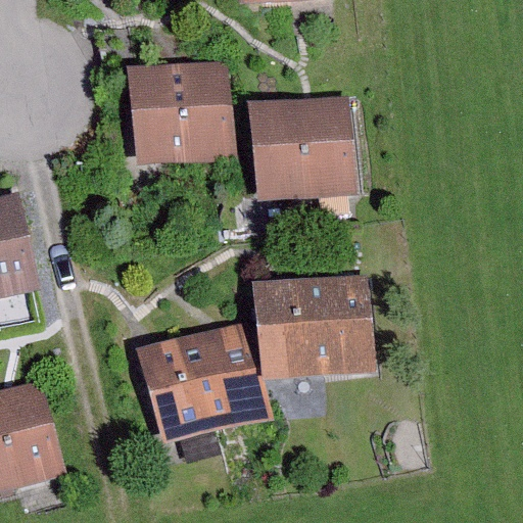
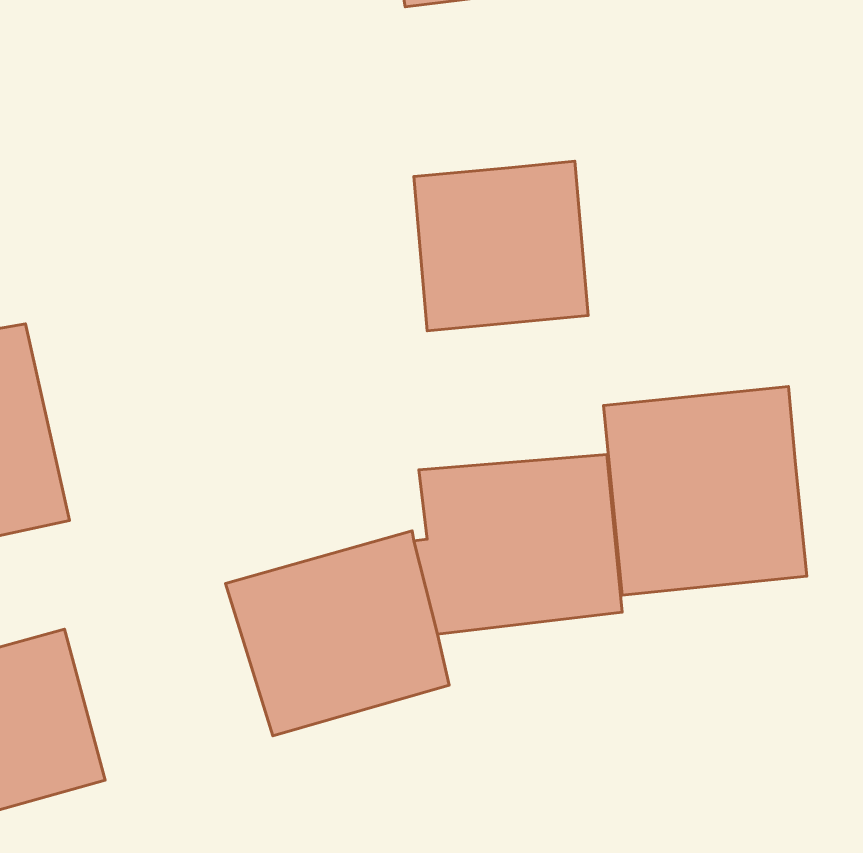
building: [129,58,235,161] -> none
building: none -> [604,386,807,595]

